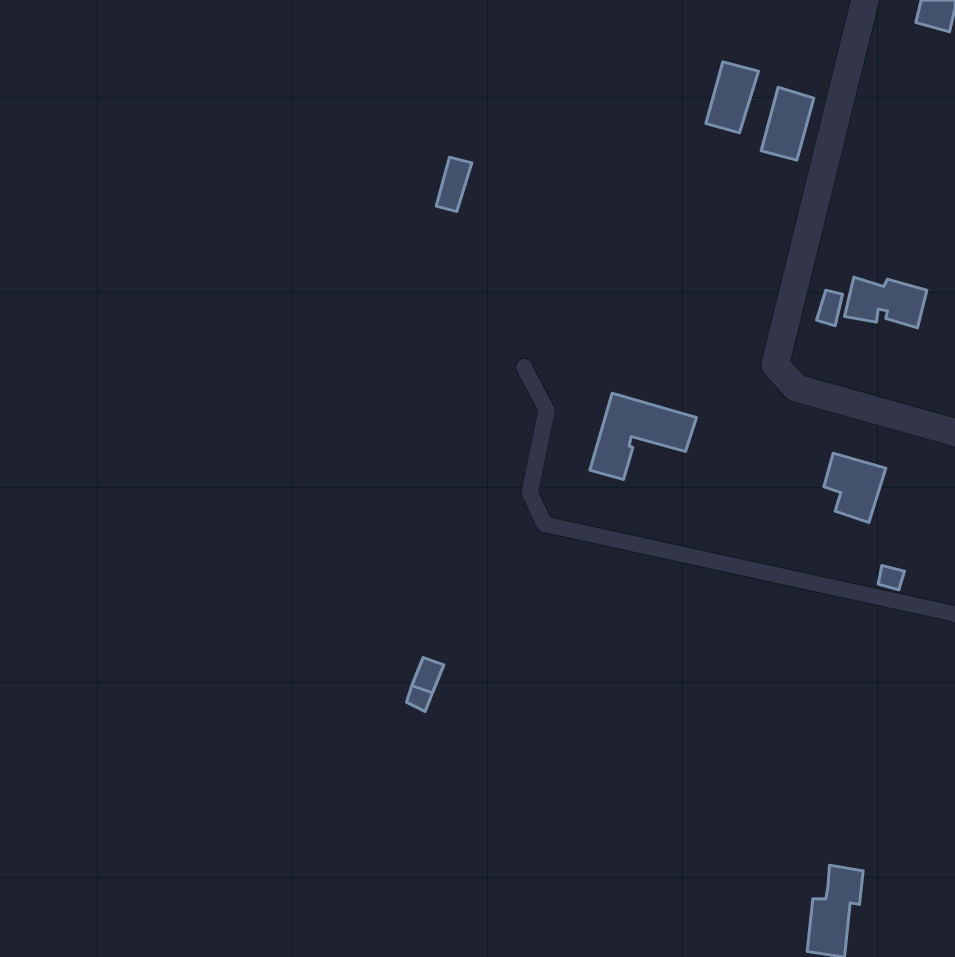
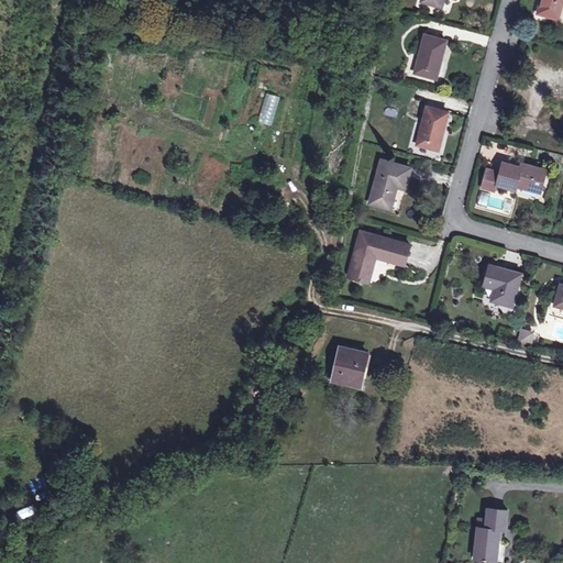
building: [761,87,814,160] -> [416,107,446,150]
building: none -> [368,161,409,209]
building: none -> [332,349,367,386]

